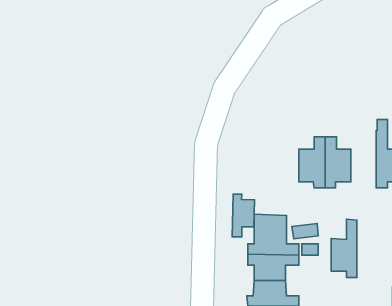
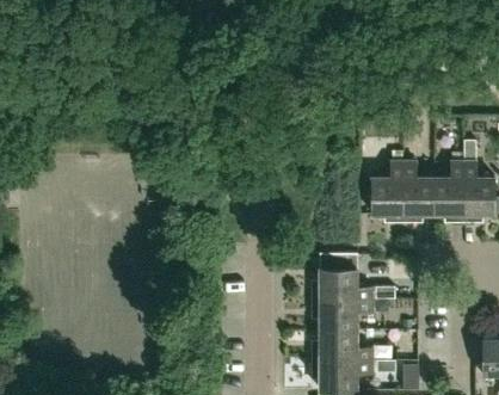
building: [232,194,254,237] -> none
building: [331,219,357,277] -> [433,154,463,222]

